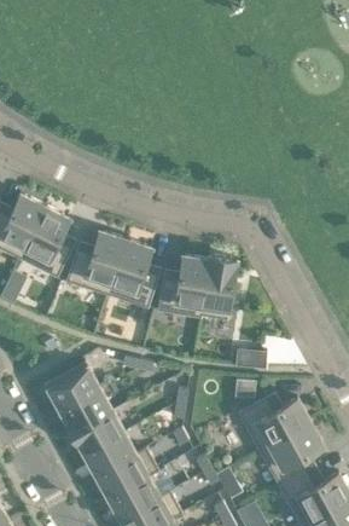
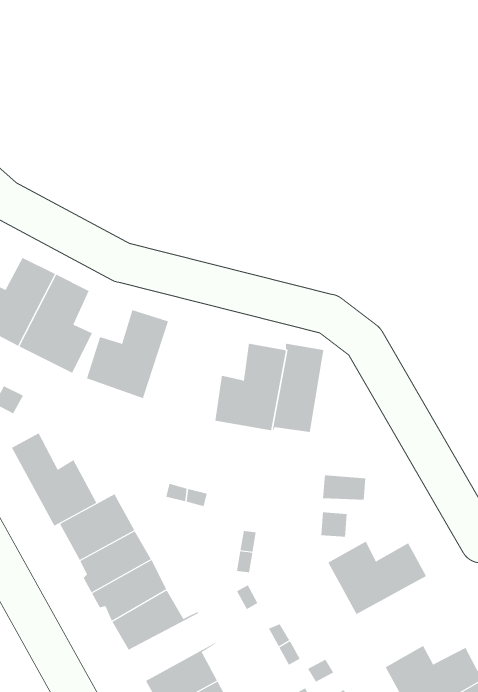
building: [106,239,157,308] -> none
building: none -> [11,432,97,527]
building: [258,422,322,487] -> none
building: [95,449,158,497] -> none

